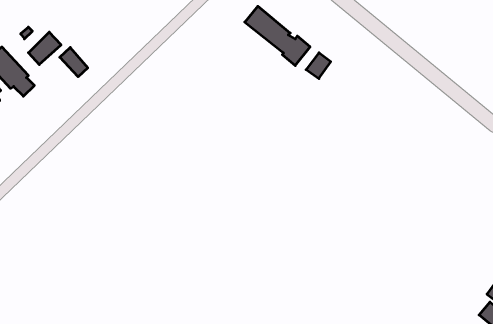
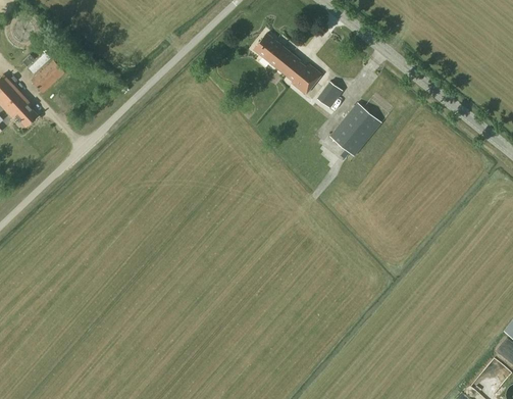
building: [60,47,88,77] -> none
building: none -> [329,102,382,156]

